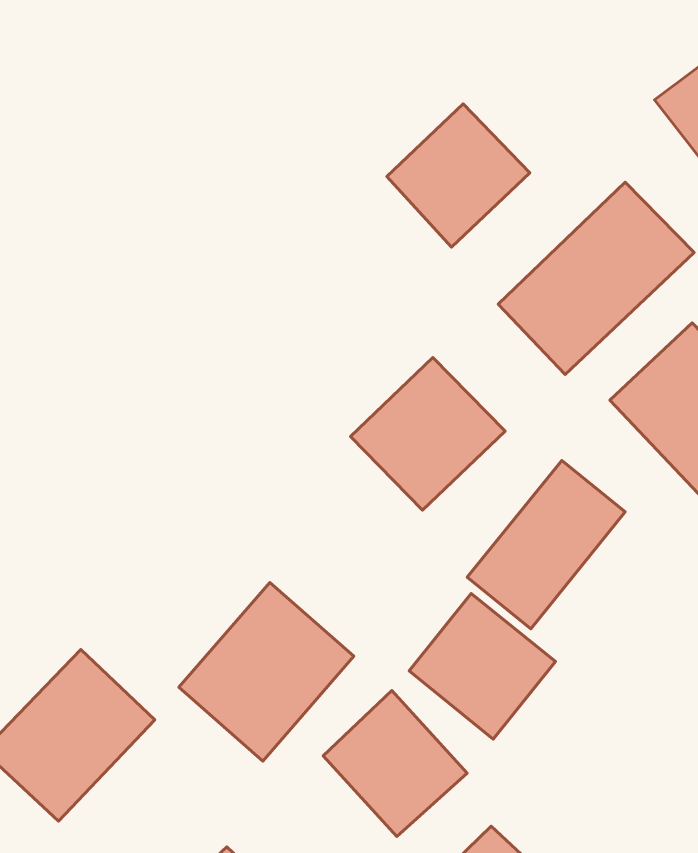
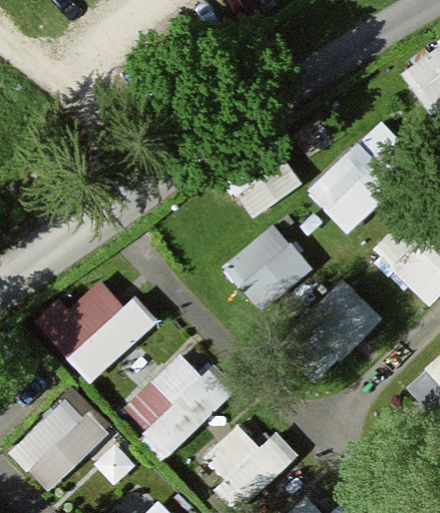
building: [387,104,530,247] -> none
building: none -> [35,269,152,386]
building: [409,593,555,739] -> none

